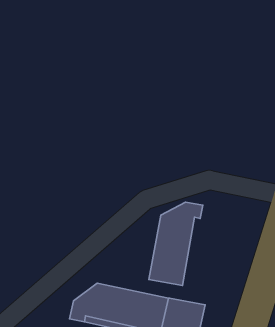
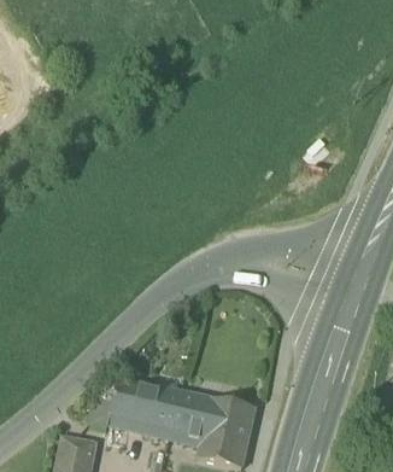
building: [149,202,203,285] -> none

